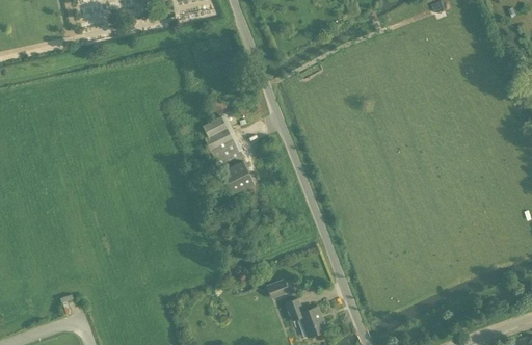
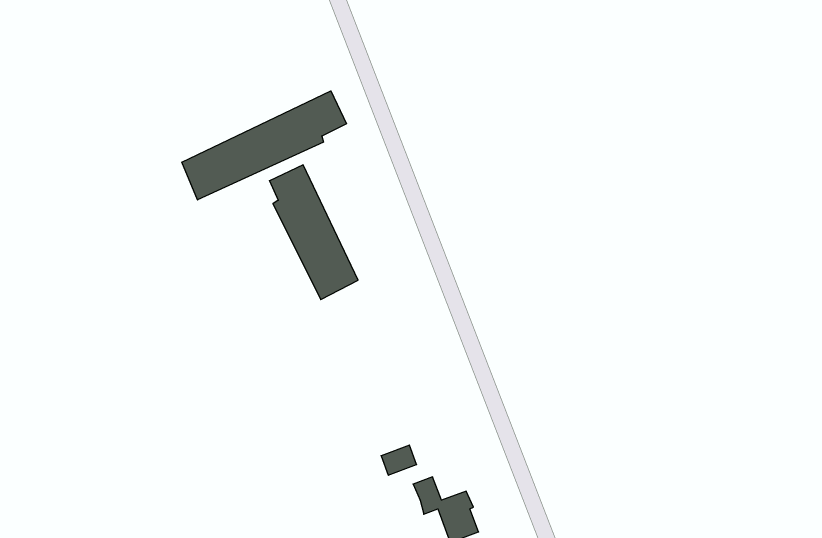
building: none -> [182,91,347,200]

